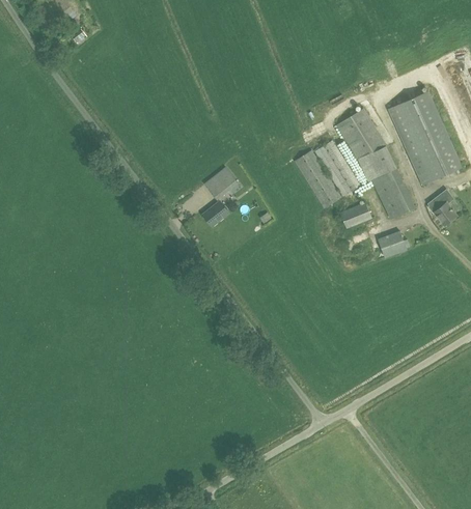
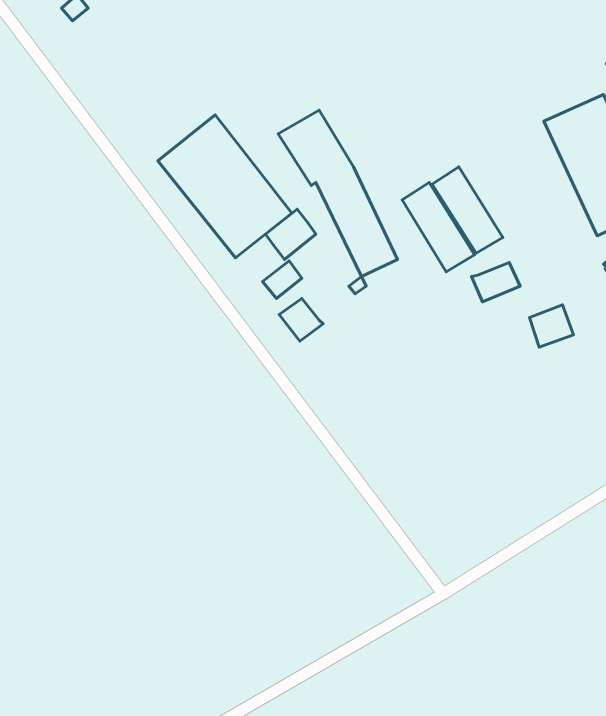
building: none -> [158,115,292,258]
building: [335,109,414,219] -> [278,110,398,277]
building: none -> [279,299,323,341]

